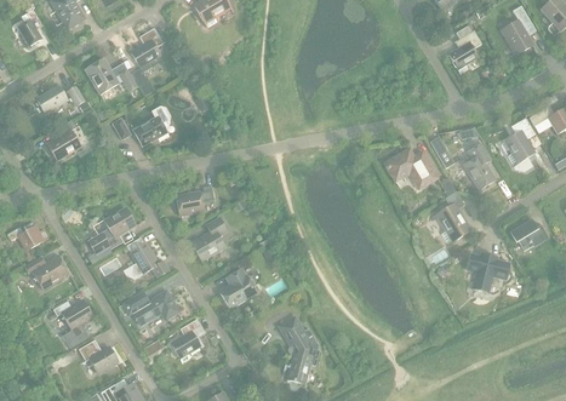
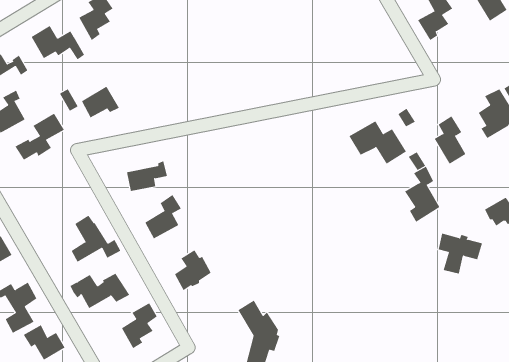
building: [87,207,135,252] -> [14,113,65,161]

